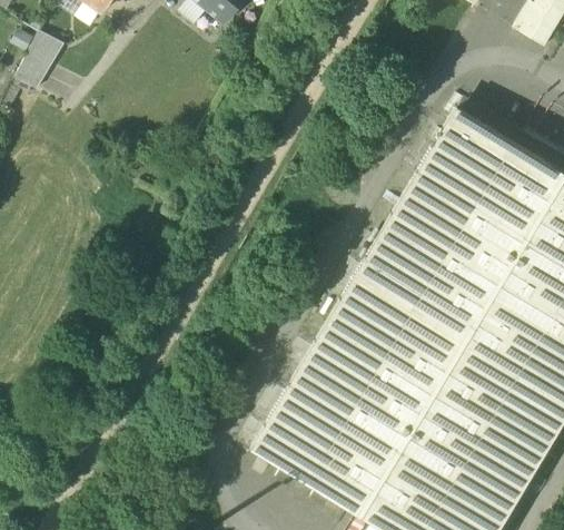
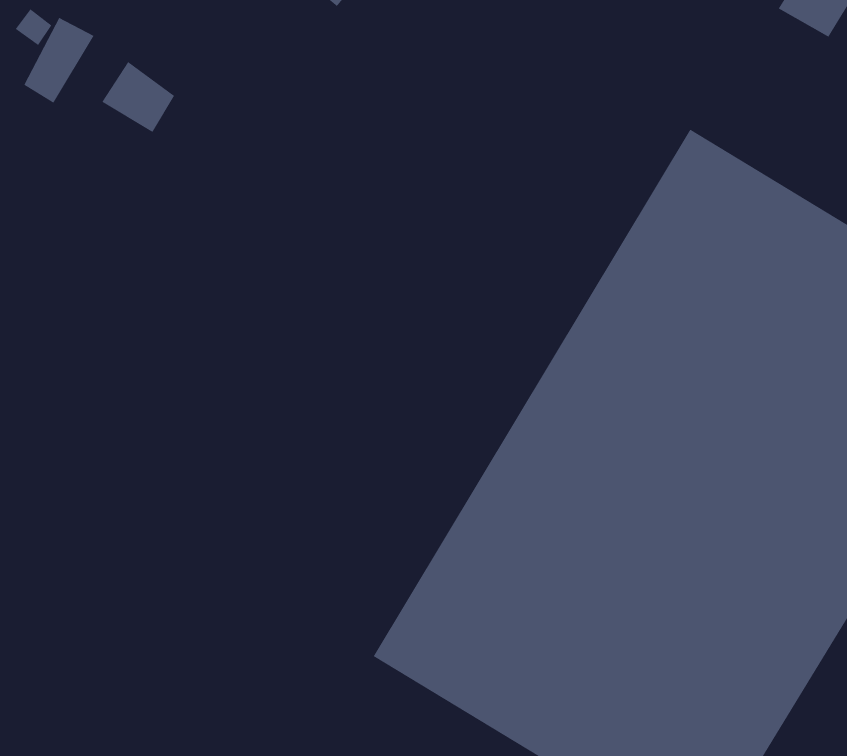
building: none -> [101,61,175,133]

